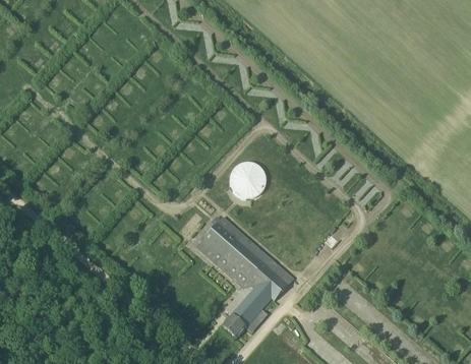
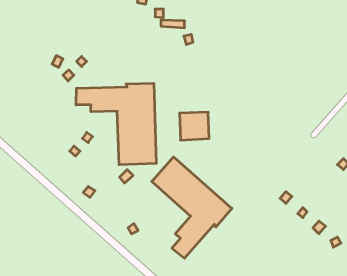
building: none -> [76,83,156,165]

